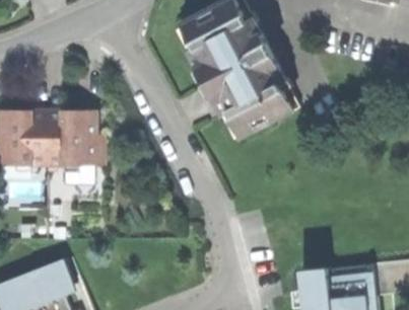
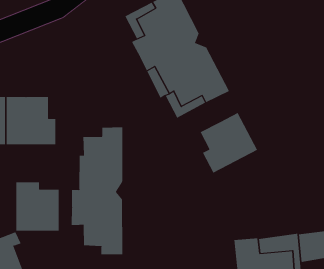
building: none -> [200,112,258,173]
building: none -> [71,127,123,255]
building: none -> [16,182,59,232]

